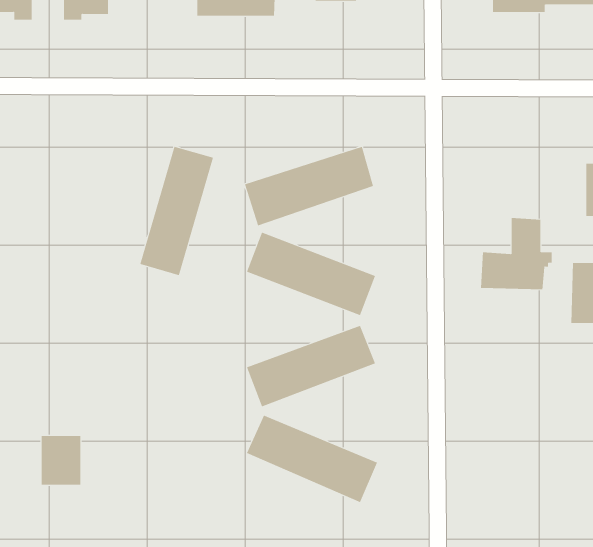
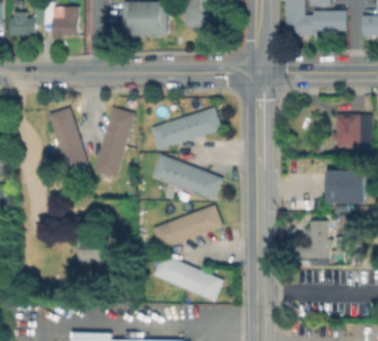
building: none -> [48,106,89,177]
building: [480,217,553,290] -> [293,220,332,260]
building: [41,436,81,485] -> [77,237,99,264]

